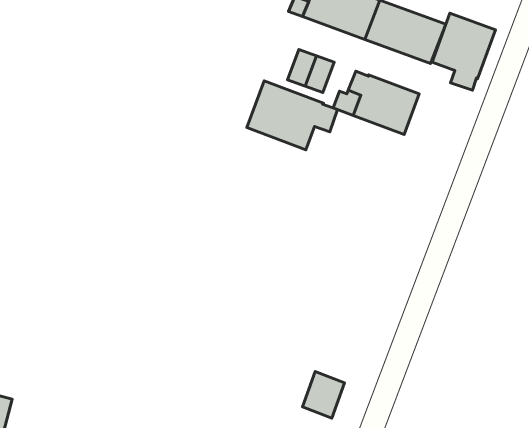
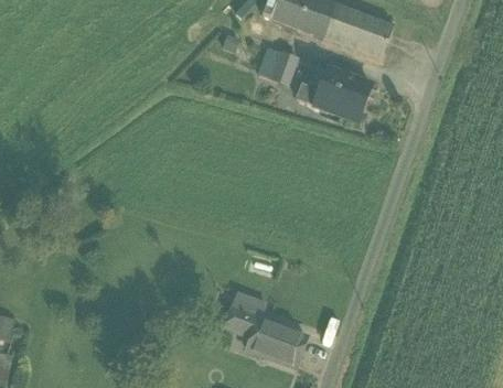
building: [432,13,495,90] -> none
building: [247,81,337,150] -> none
building: none -> [222,291,277,356]

